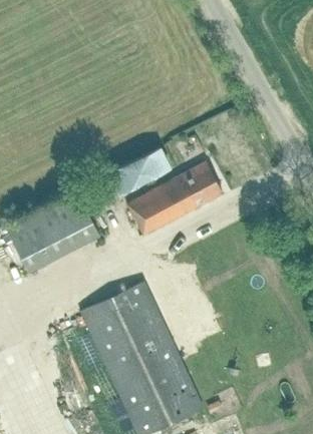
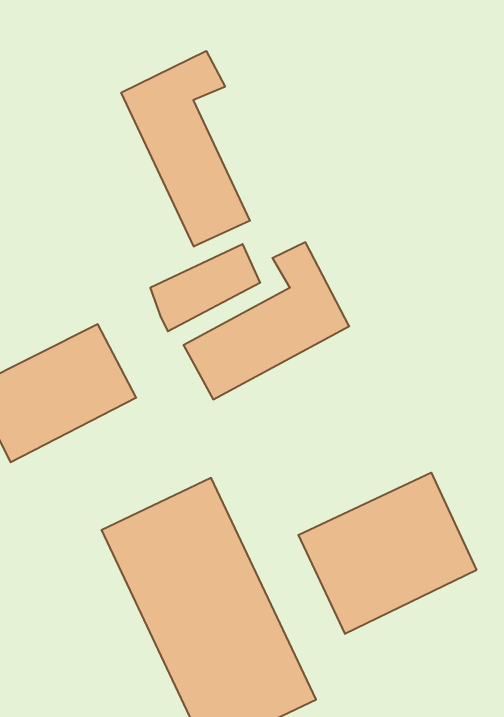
building: none -> [121,51,250,247]
building: none -> [298,473,476,634]

